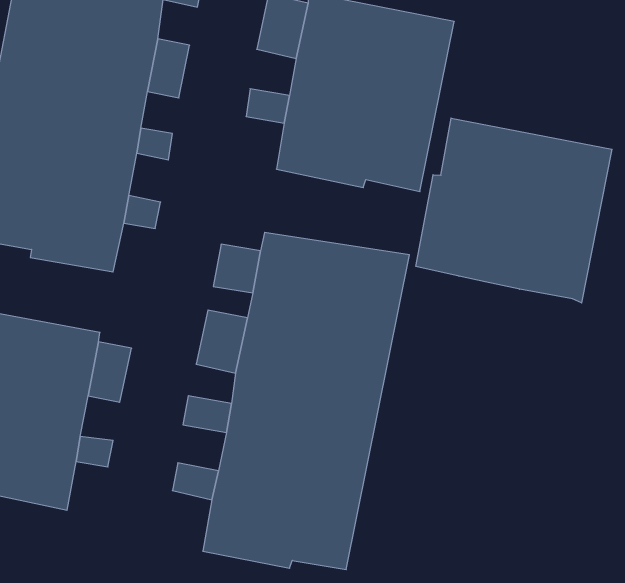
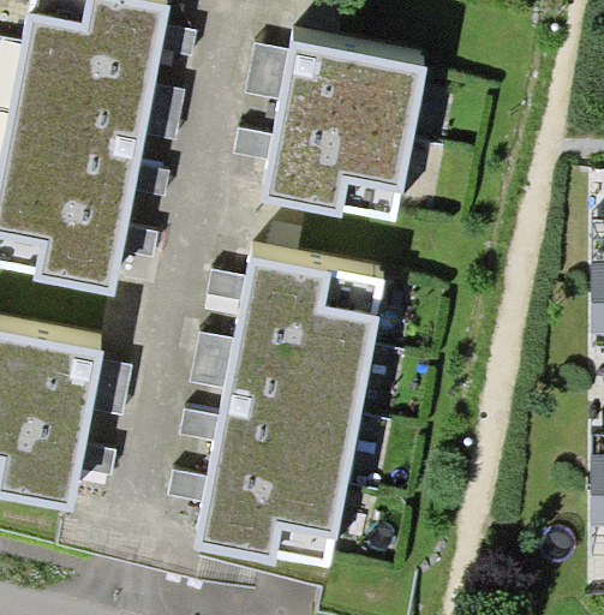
building: [416,118,612,303] -> none

